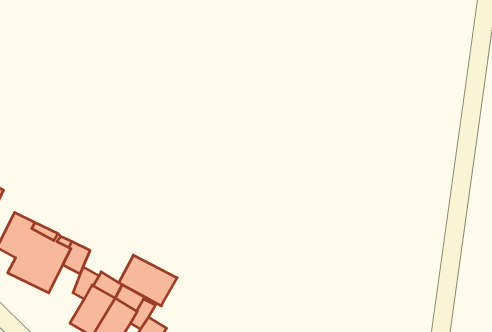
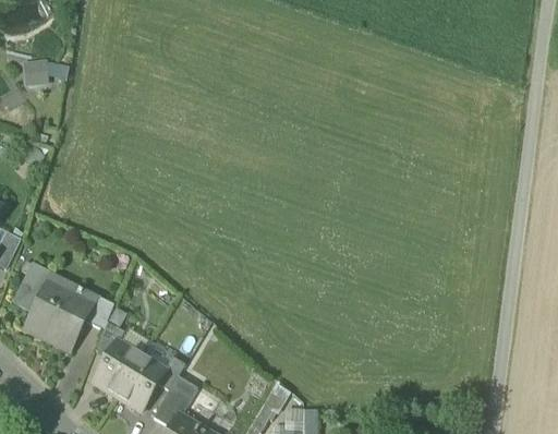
building: none -> [24,58,49,84]
building: [119,255,177,306] -> none

